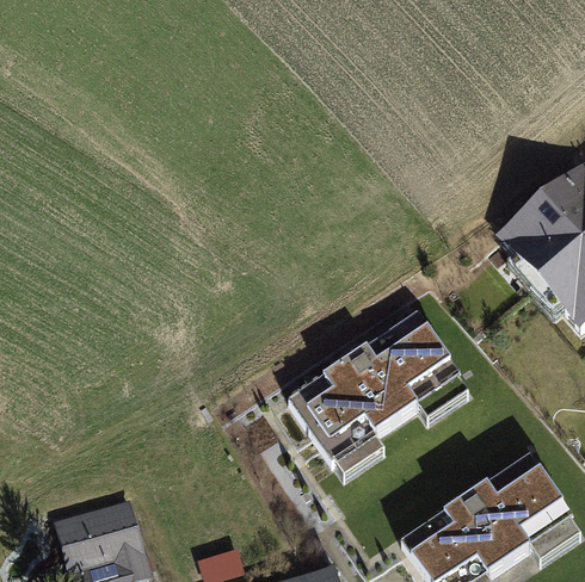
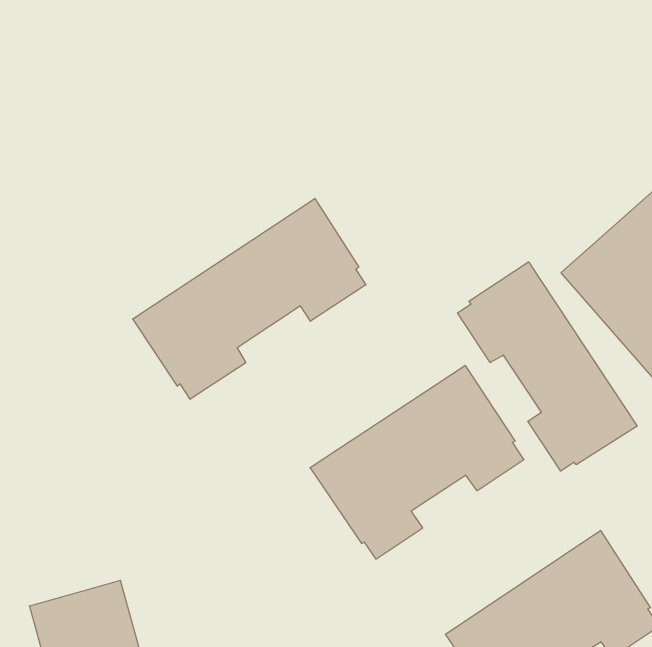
building: none -> [133,198,366,399]
building: none -> [458,262,637,471]

